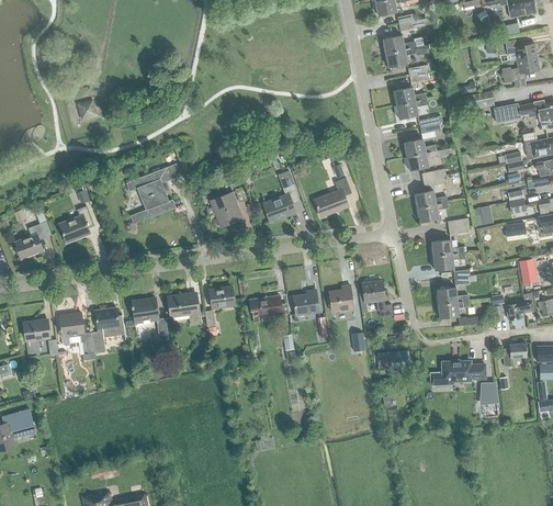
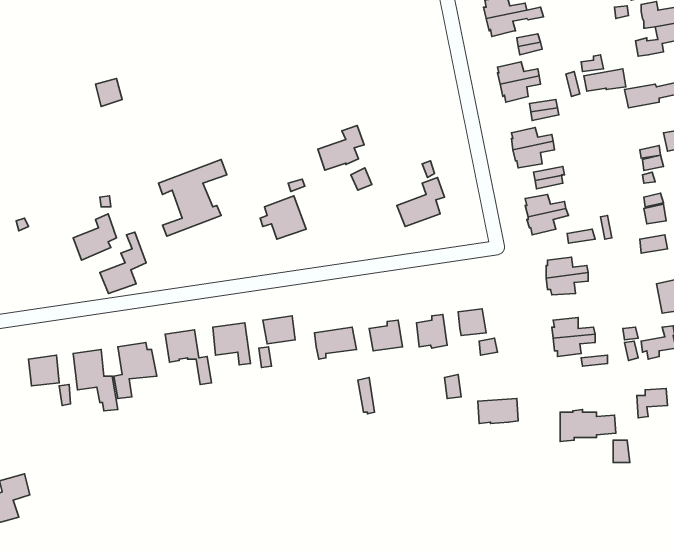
building: [263,185,300,221] -> [318,125,364,170]
building: [14,211,50,259] -> [100,232,146,294]

